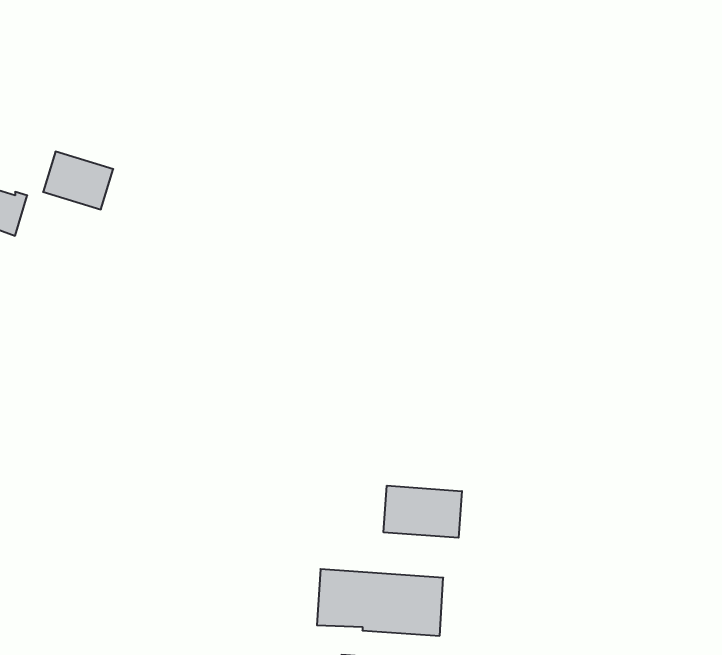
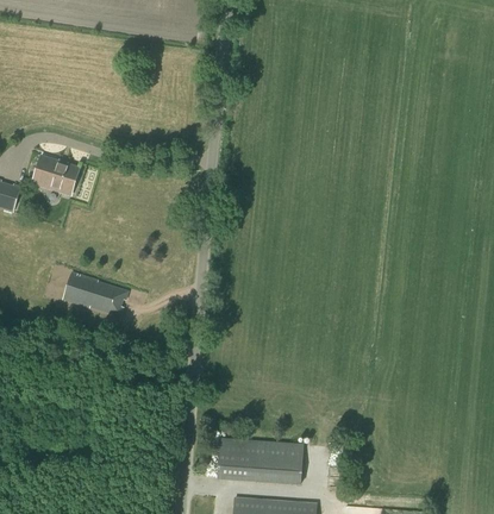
building: none -> [63,272,126,314]
building: [384,486,462,538] -> none

